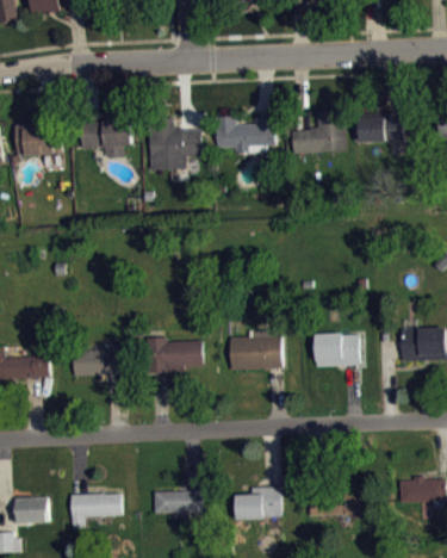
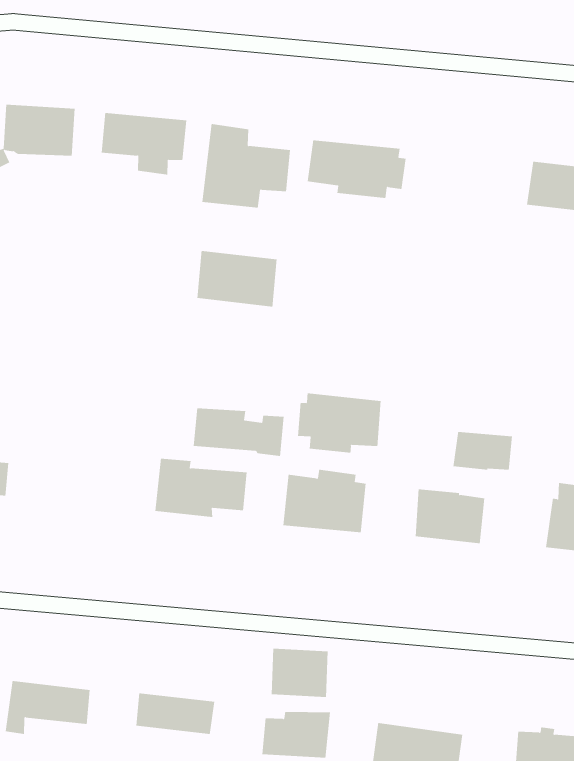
building: [291,111,346,153] -> none
building: none -> [197,250,277,307]
building: none -> [298,392,381,453]
building: none -> [453,431,513,470]
building: [70,349,129,377] -> [193,408,284,457]
building: none -> [271,648,328,698]

